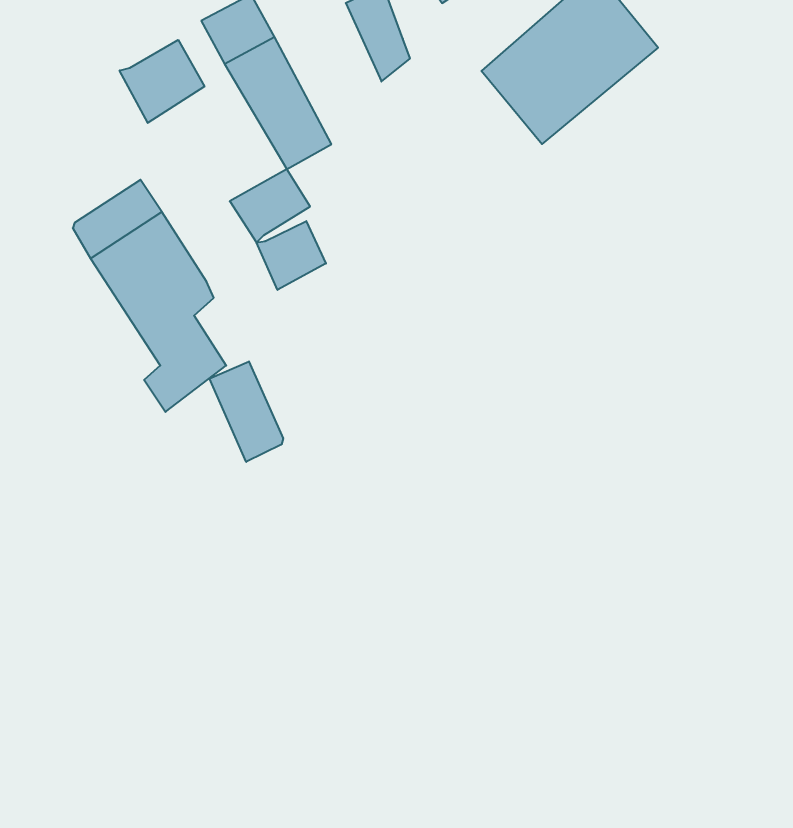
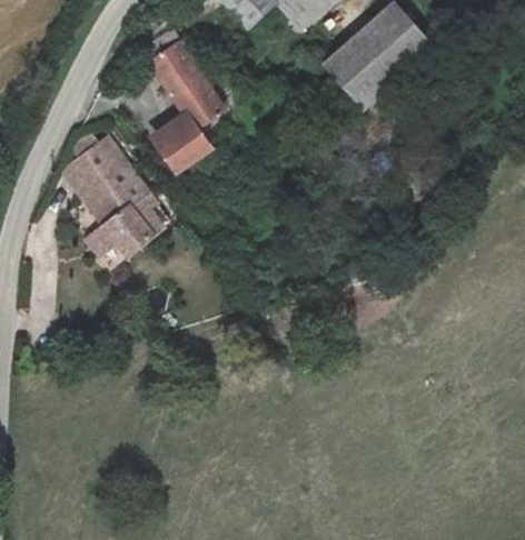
building: [120,40,204,123] -> none
building: [257,221,326,290] -> none
building: [209,361,283,462] -> none

